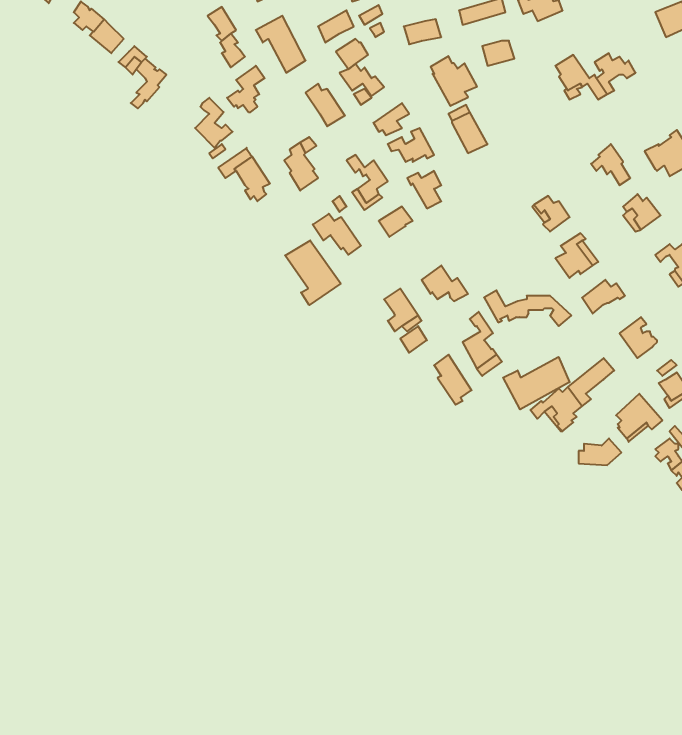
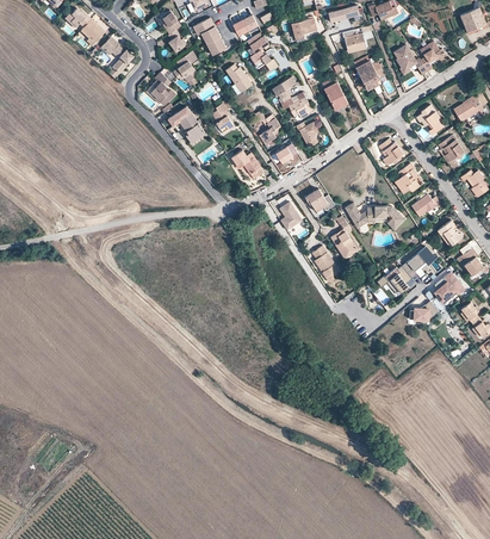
building: [431,56,477,106] -> [354,56,385,89]
building: [285,240,341,305] -> none
building: [503,357,570,409] -> none

